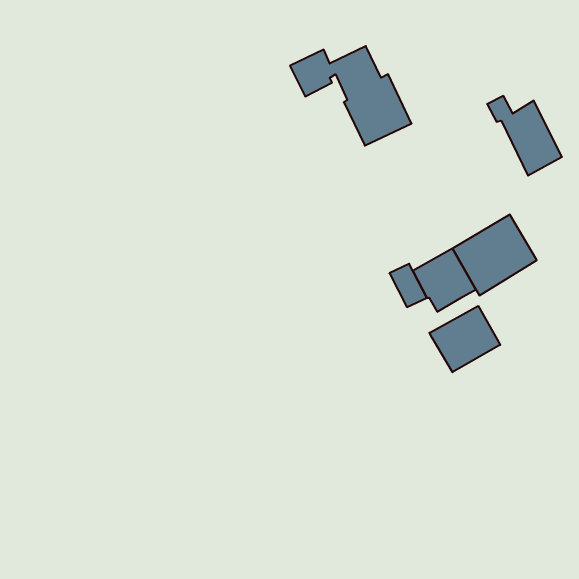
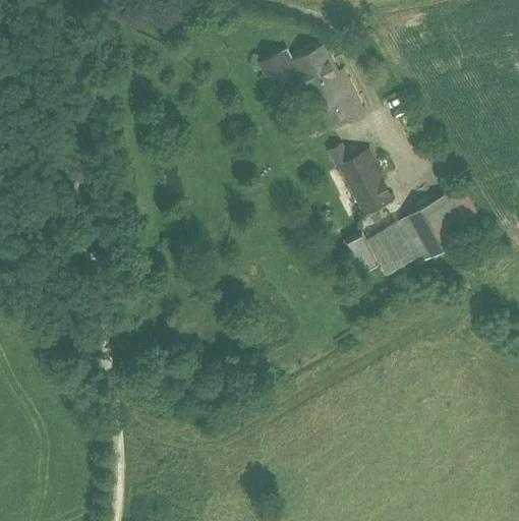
building: [487,96,562,176] -> [329,144,394,214]
building: [429,306,500,372] -> none

